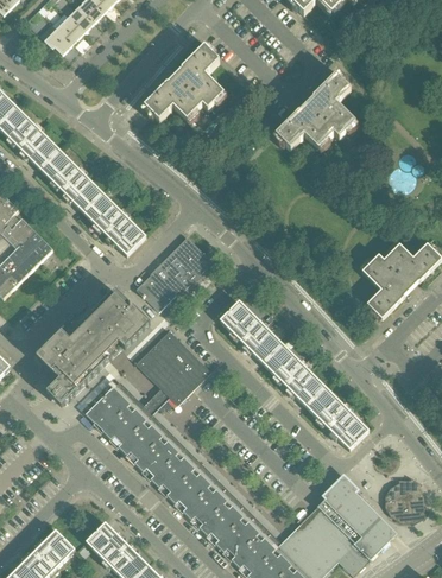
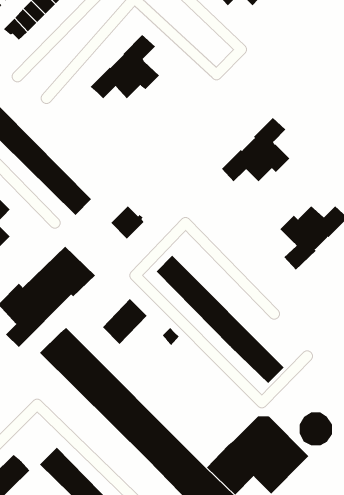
building: [274,75,354,150] -> [221,117,290,182]
building: [134,263,185,310] -> none
building: [135,330,189,383] -> none

